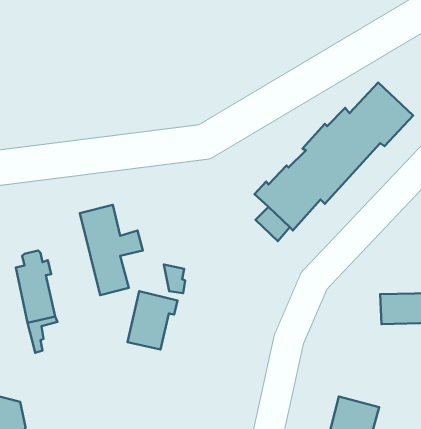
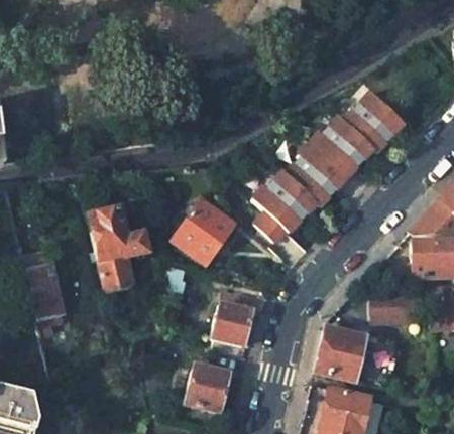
building: none -> [173,199,233,262]
building: [127,291,177,350] -> [212,289,259,344]
building: none -> [316,326,364,379]
building: none -> [187,365,228,410]

